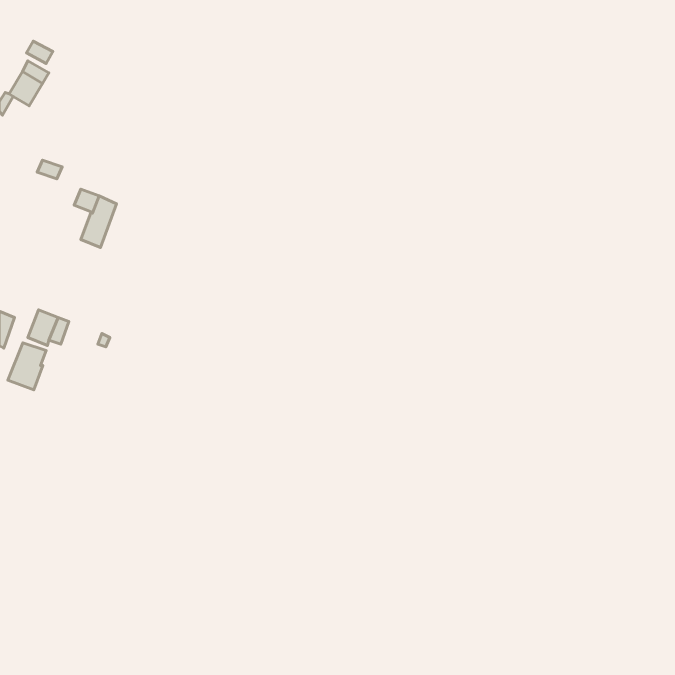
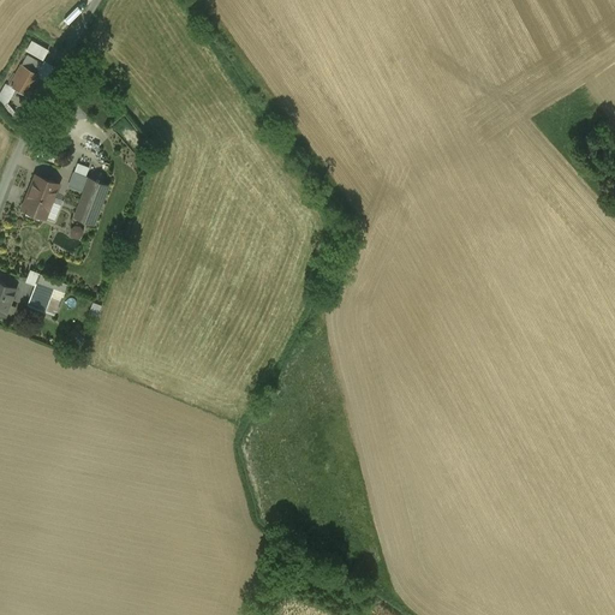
building: none -> [20,175,58,220]
building: [8,343,46,390] -> none

